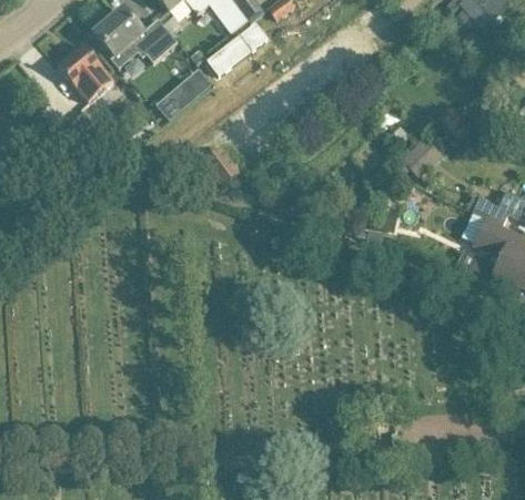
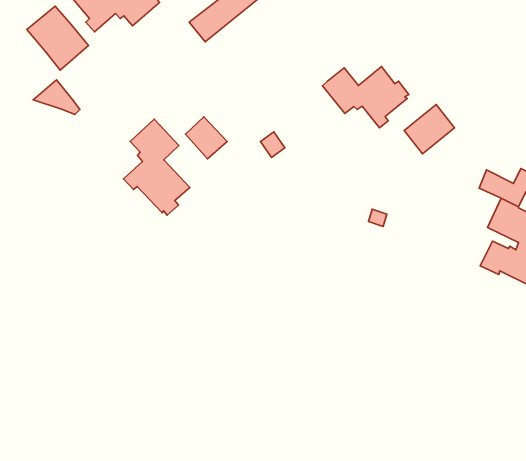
building: [171,67,212,105] -> none
building: none -> [322,67,409,128]
building: none -> [124,119,190,215]

